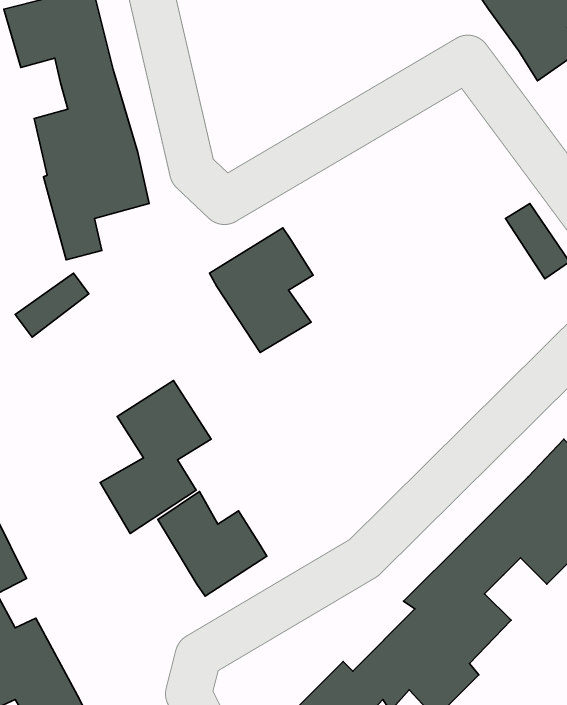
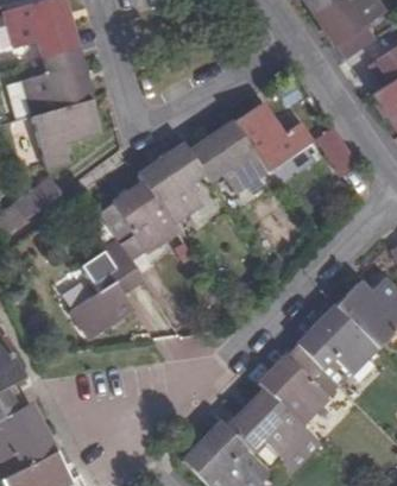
building: none -> [187,109,309,197]
building: none -> [94,185,172,255]
building: [158,492,267,596] -> none

